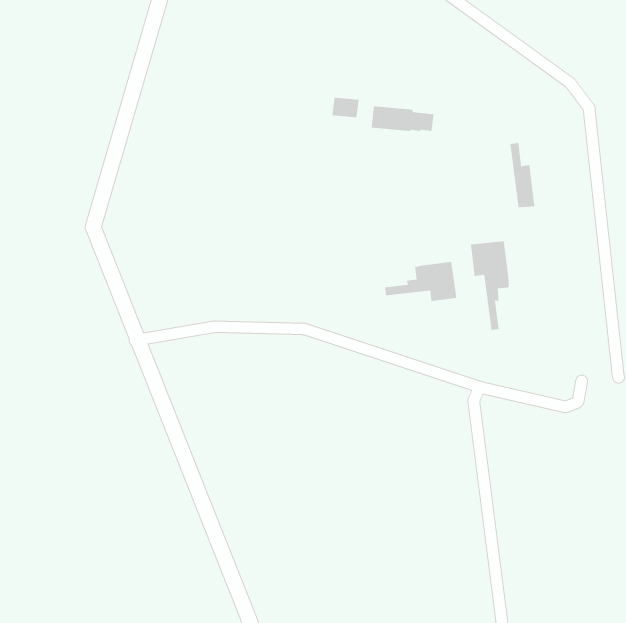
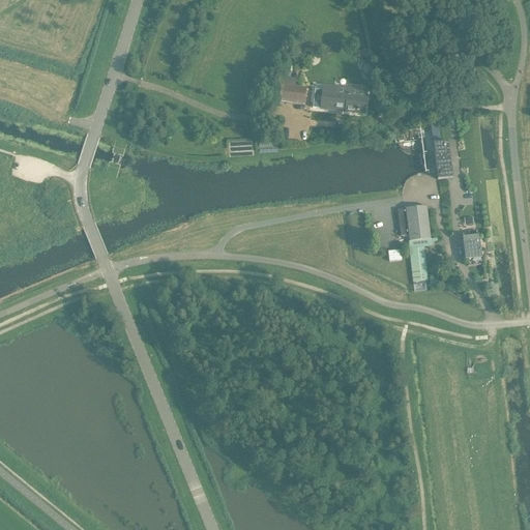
building: [385,261,457,302] -> none
building: none -> [461,233,480,264]

